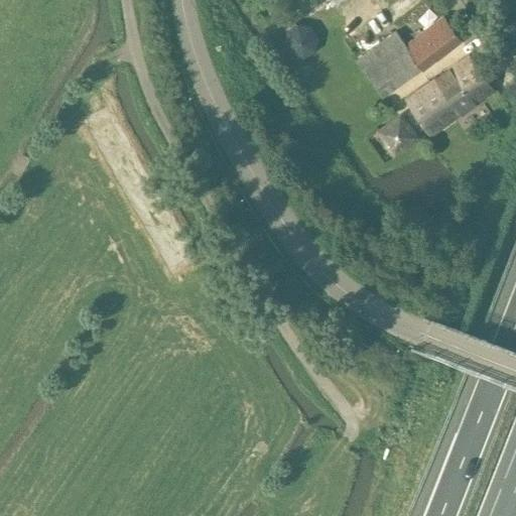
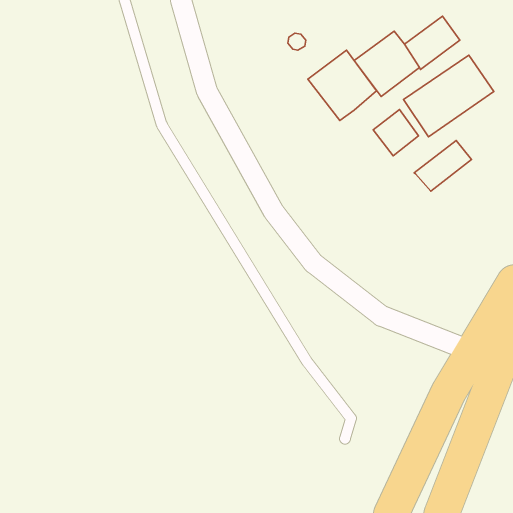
building: none -> [308,50,377,120]
building: none -> [414,141,472,191]

